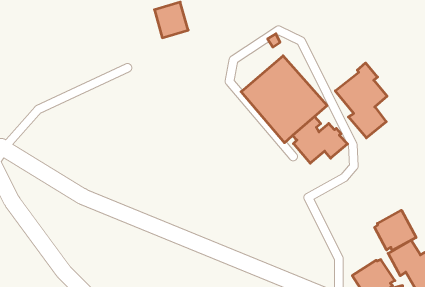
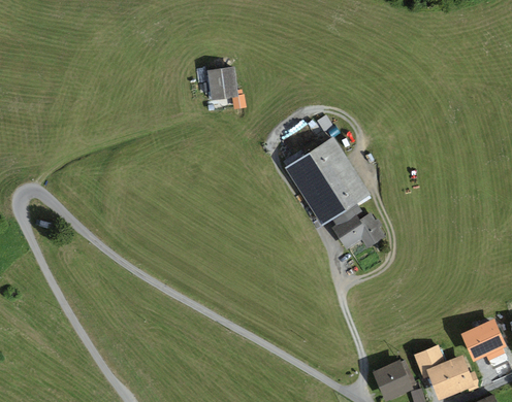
building: [335,63,387,138] -> none
building: [375,210,416,251] -> none

